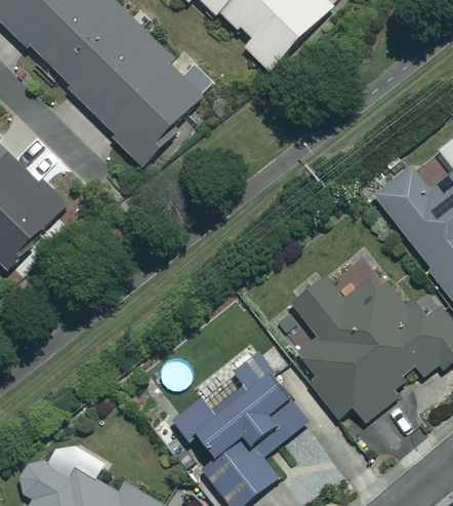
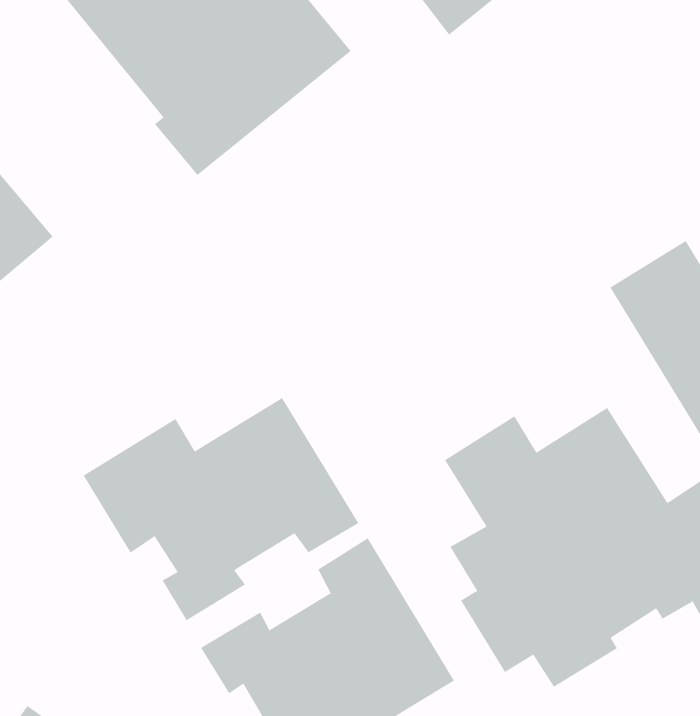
building: none -> [83,397,359,621]

